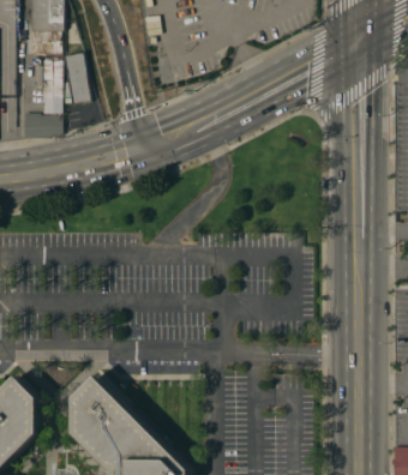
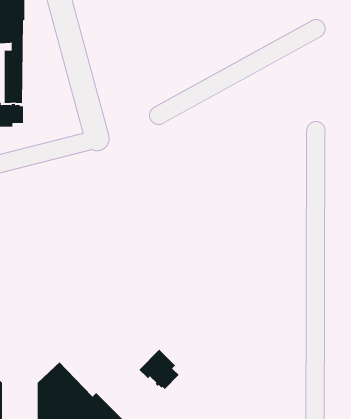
building: [66,53,91,103] -> none
building: none -> [139,349,179,390]

